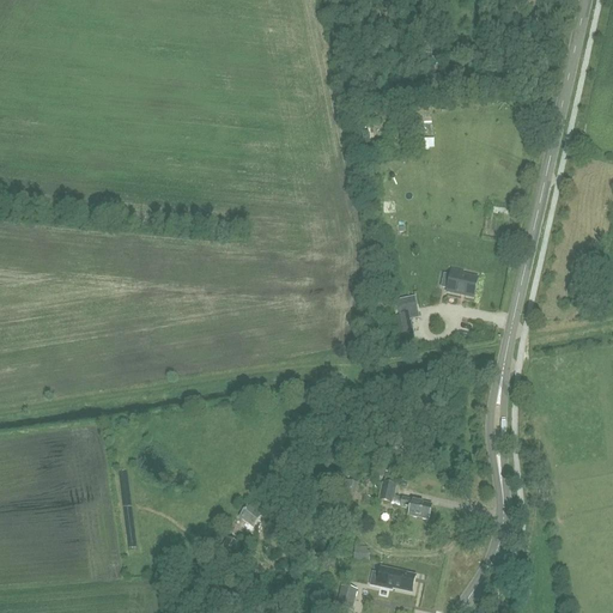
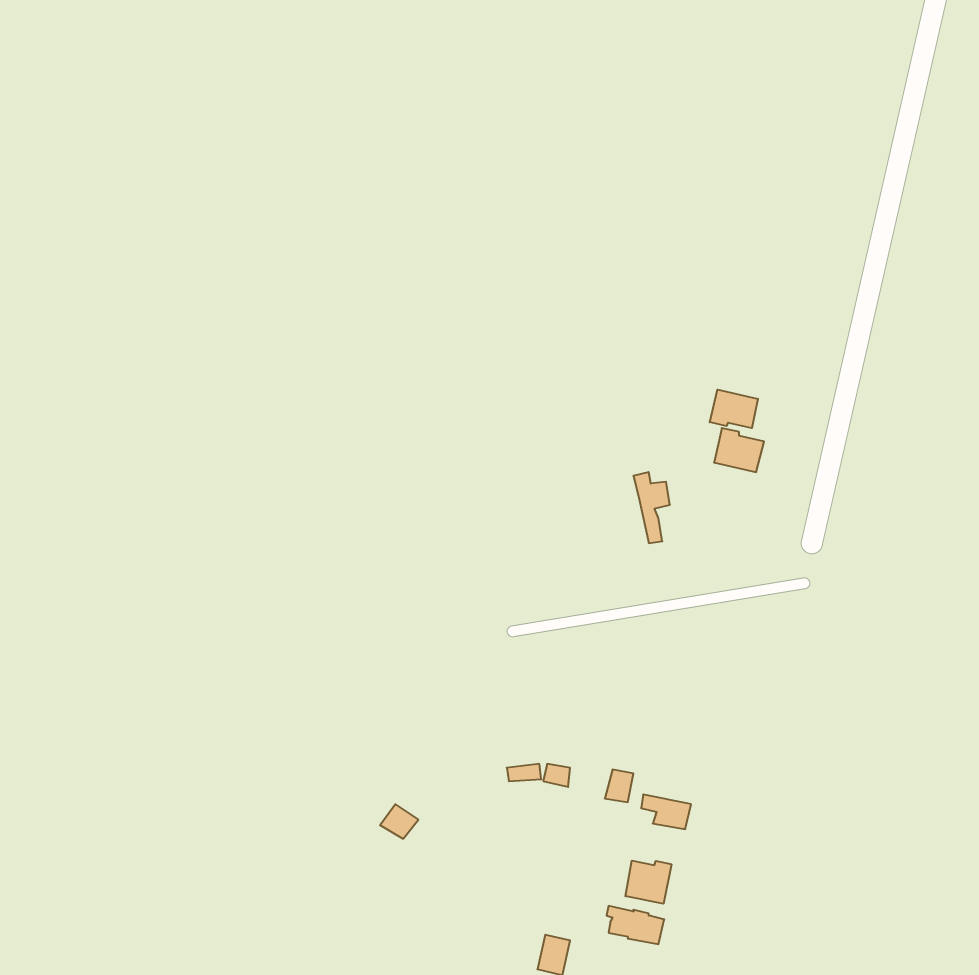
building: none -> [710,390,758,428]
building: none -> [625,861,671,904]

